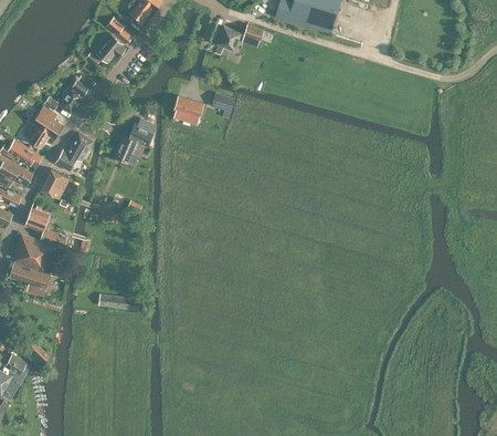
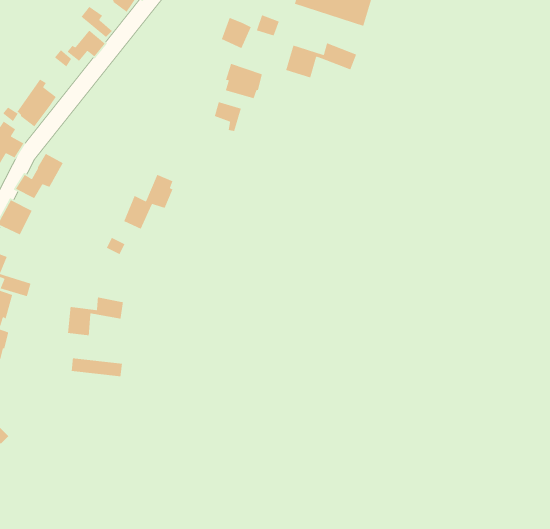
building: none -> [285,42,357,78]
building: [173,95,203,124] -> [225,63,263,99]
building: [114,118,154,163] -> [123,174,174,230]
building: none -> [67,297,124,336]

